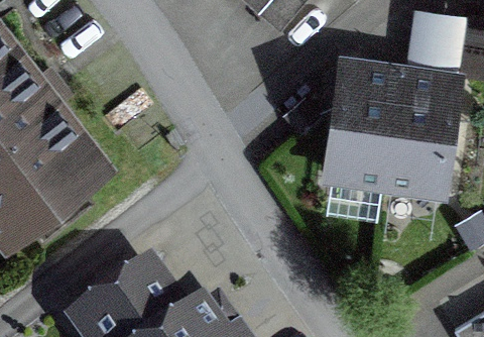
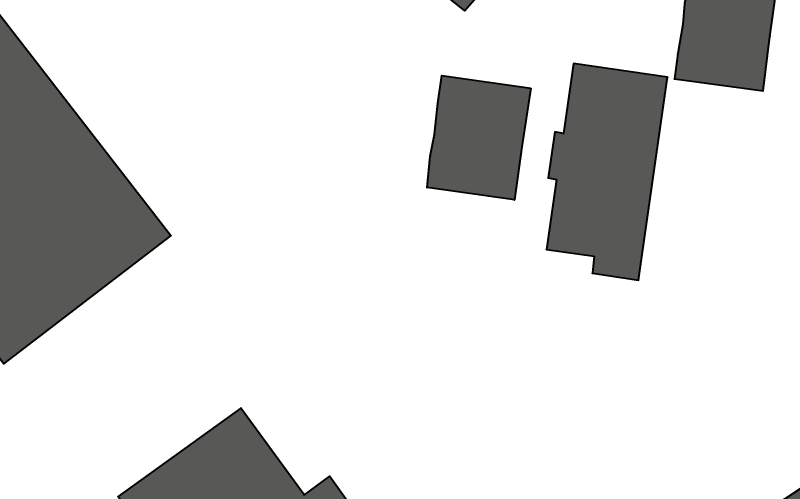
building: none -> [427,76,531,200]
building: [383,72,457,196] -> none

